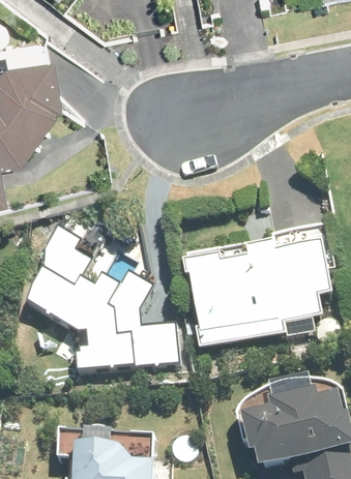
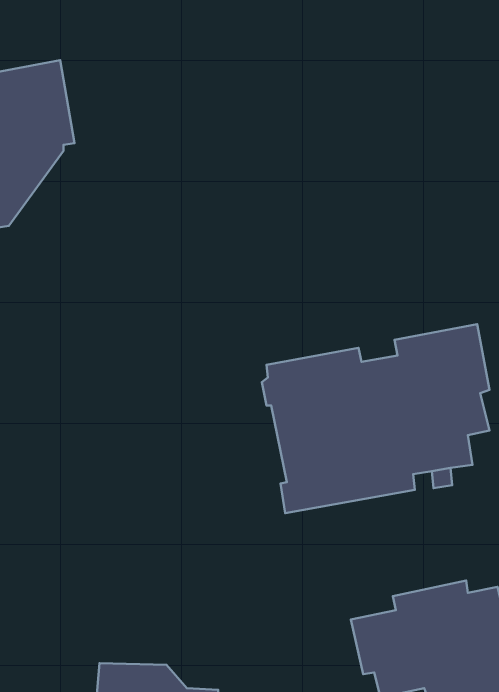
building: [25,228,180,373] -> none

